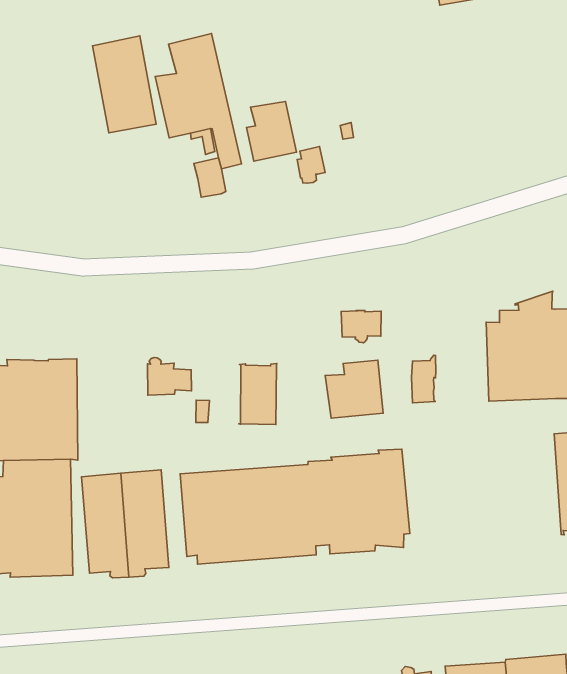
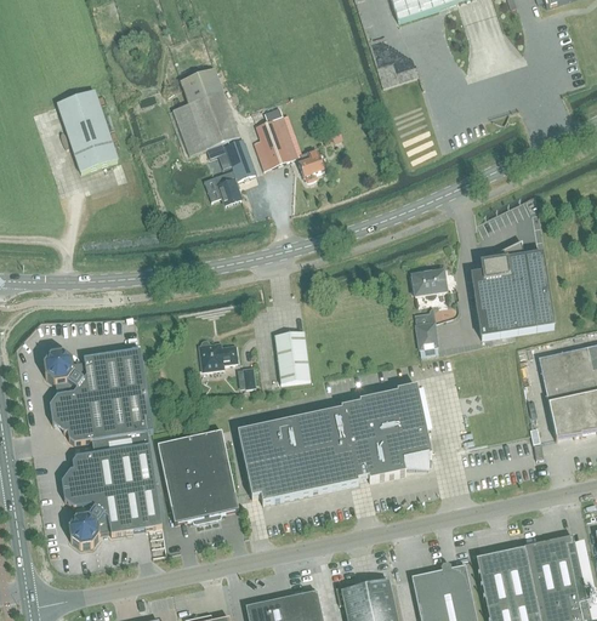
building: [92,36,156,133] -> [57,87,118,170]
building: [341,310,381,343] -> [411,268,447,296]
building: [325,360,383,418] -> none

